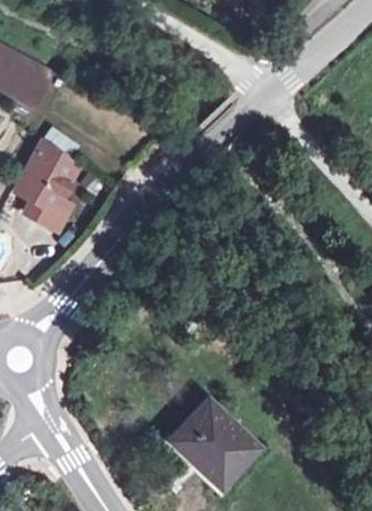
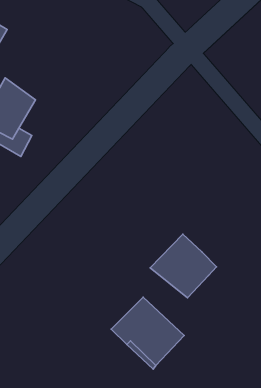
building: none -> [150,234,217,298]

